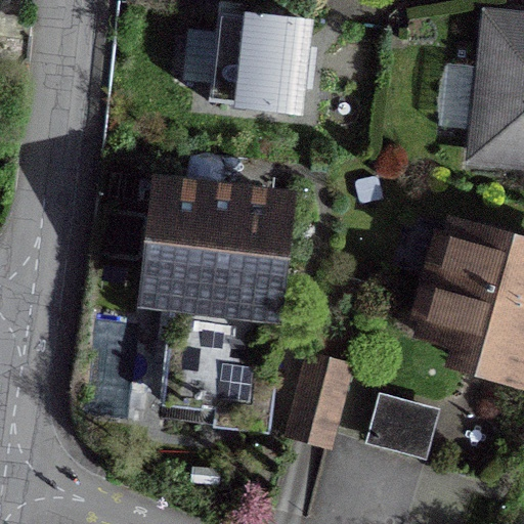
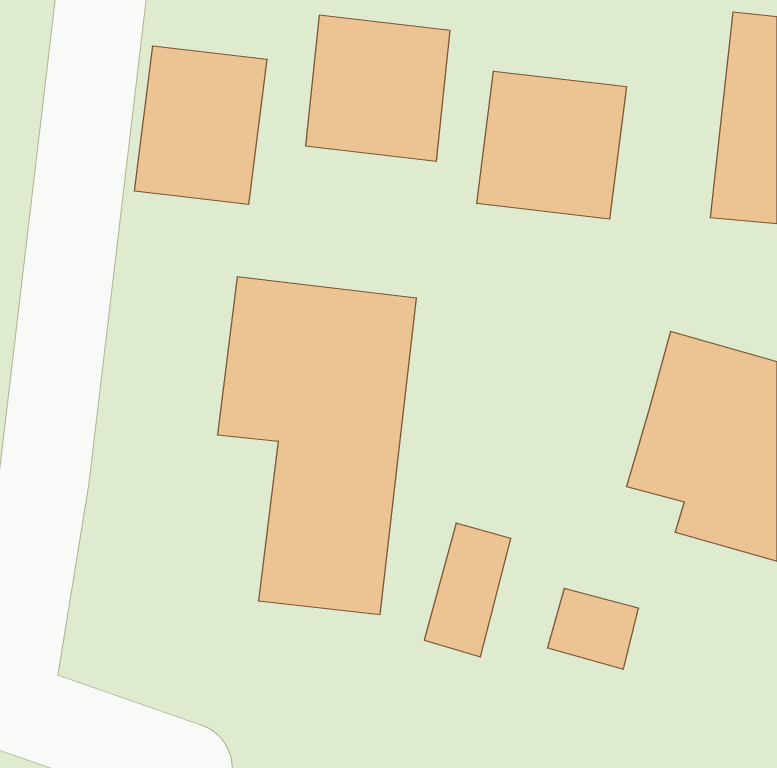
building: none -> [135,46,267,204]
building: none -> [477,71,626,219]

